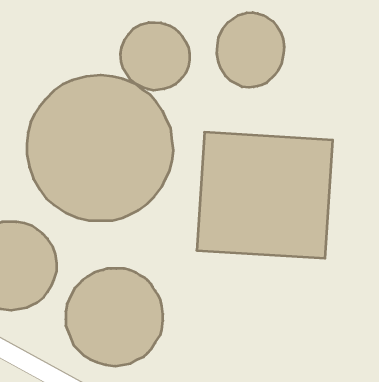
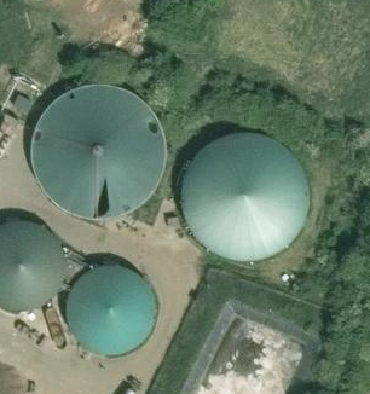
building: [217,12,284,87] -> none
building: [121,22,190,90] -> none

